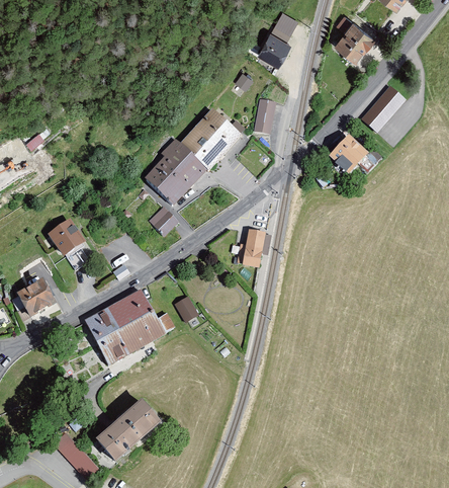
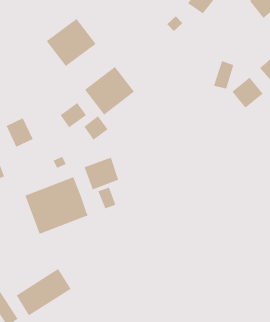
building: [254,99,276,134] -> [213,61,234,89]
building: [177,109,240,171] -> [46,18,96,67]
building: none -> [60,102,87,128]
building: [244,226,268,266] -> none
building: none -> [84,157,119,190]

